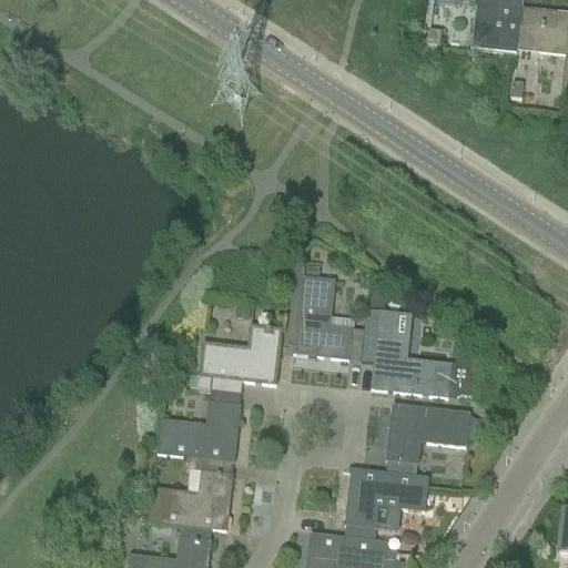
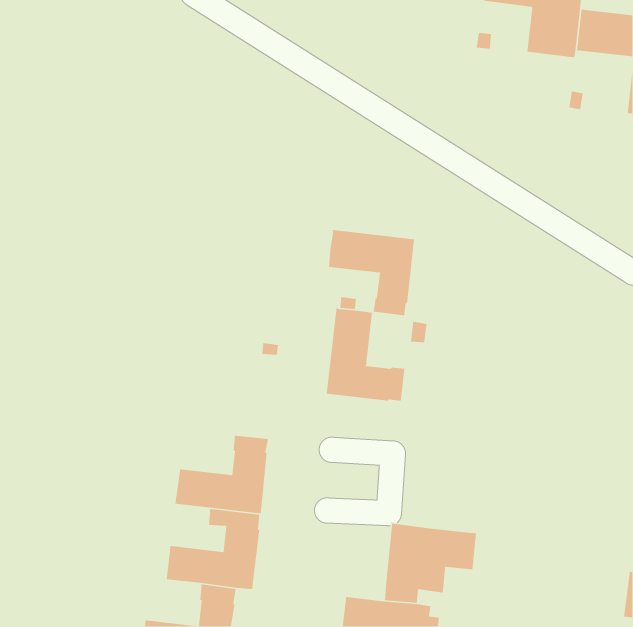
building: none -> [328,229,415,316]
building: [359,308,475,396] -> none
building: [197,325,281,393] -> none
building: [385,404,468,476] -> none

